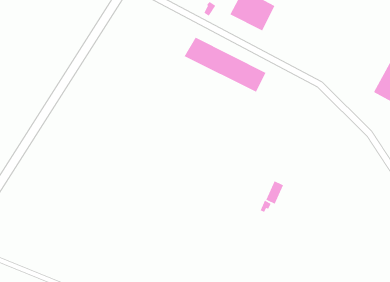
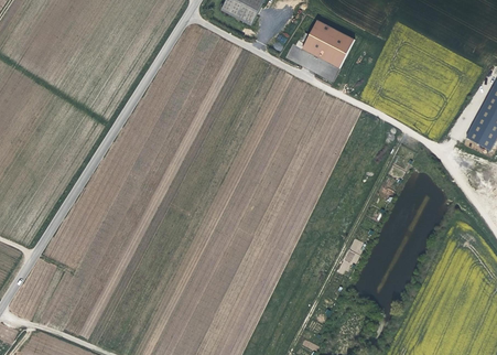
building: [184,37,266,92] -> none

